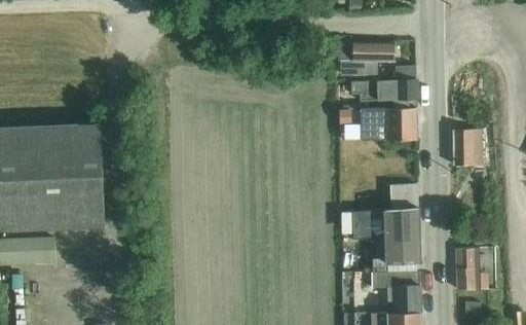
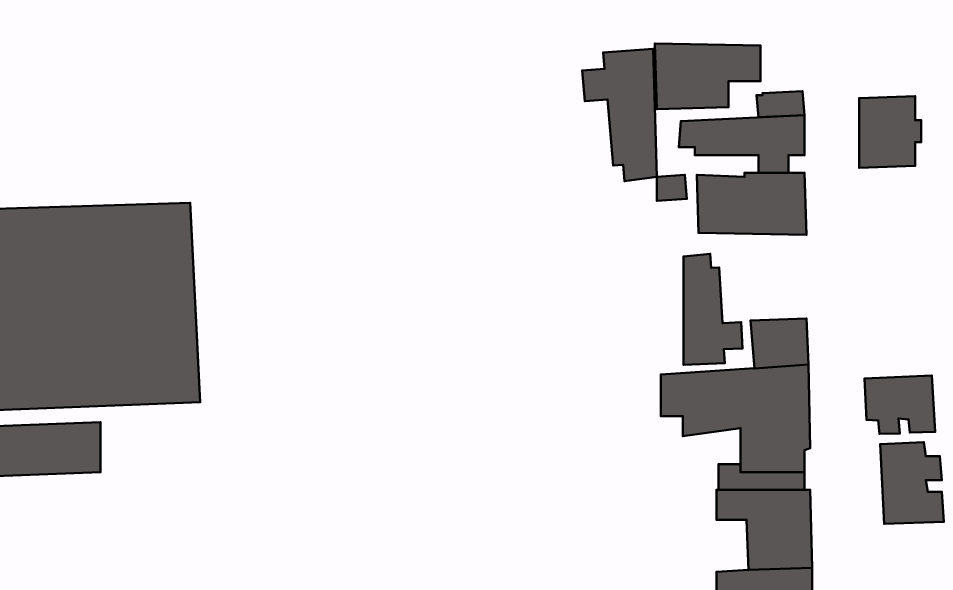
building: none -> [582,49,657,181]
building: [453,129,485,166] -> [859,96,921,168]
building: none -> [683,254,743,365]
building: none -> [864,376,935,434]

